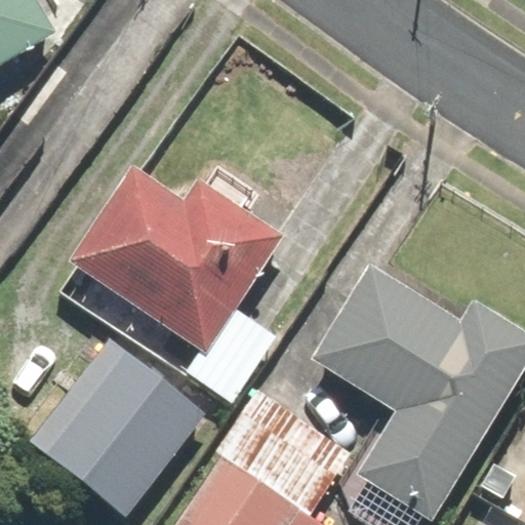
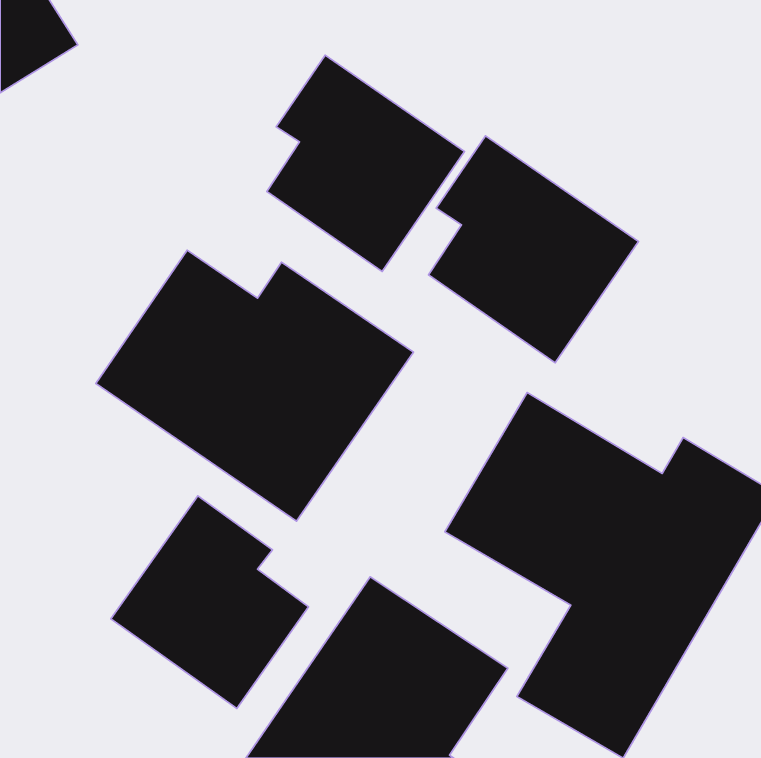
building: none -> [267,55,465,272]
building: none -> [429,136,638,363]

